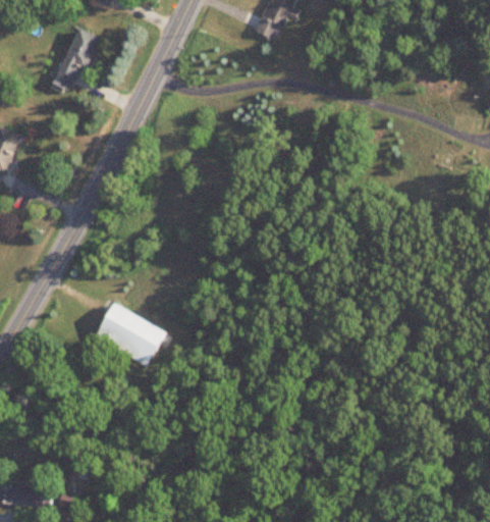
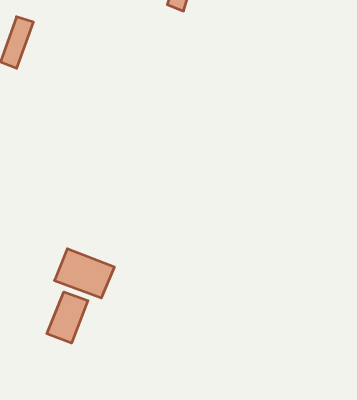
building: none -> [47,292,88,343]

